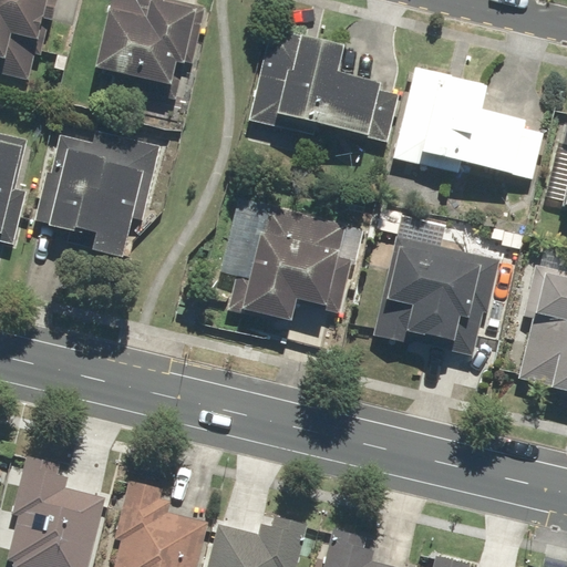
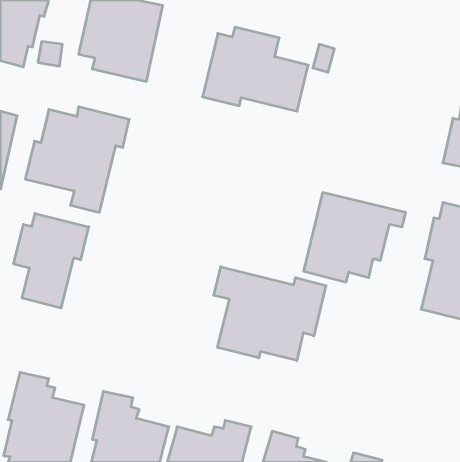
building: [393,66,546,186] -> none
building: [223,198,363,320] -> none
building: none -> [14,213,89,308]
building: none -> [214,267,326,361]

